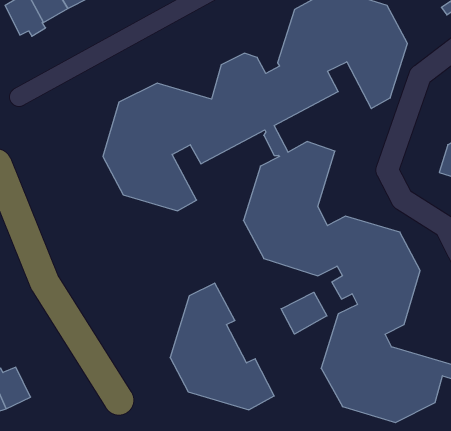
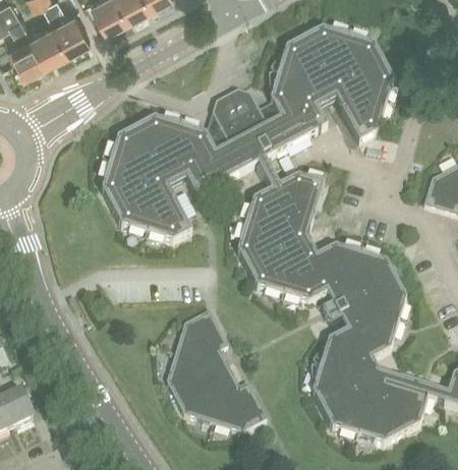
building: [281,292,327,334] -> none

